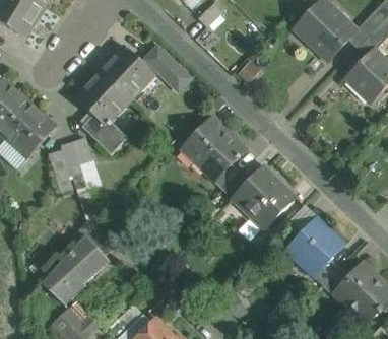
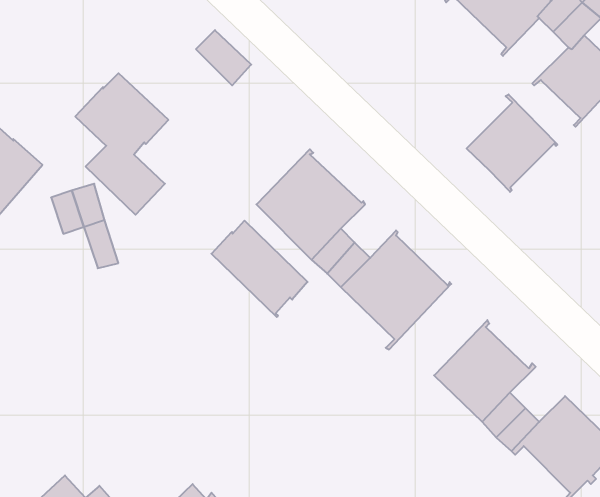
building: [101,46,154,99] -> none
building: none -> [467,94,557,192]
building: none -> [211,221,308,317]
building: [43,226,114,306] -> none

